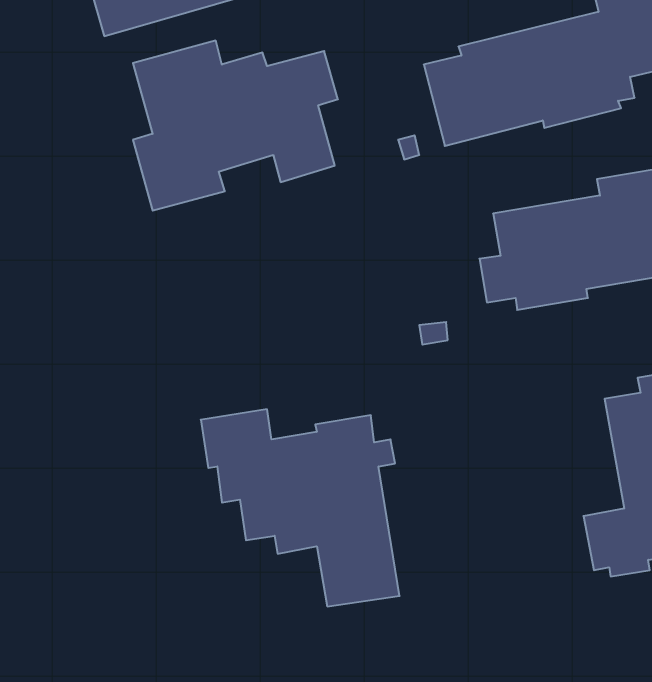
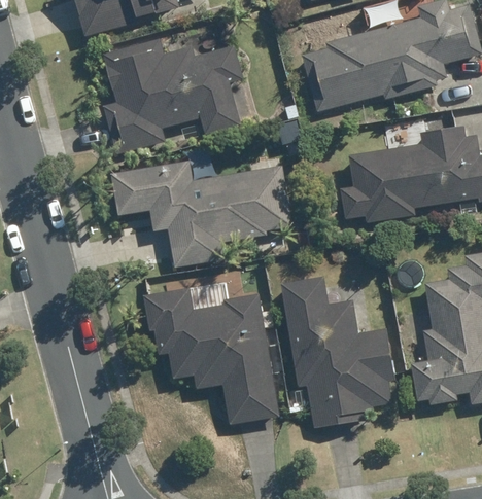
building: none -> [109,162,289,265]
building: none -> [287,278,400,429]

